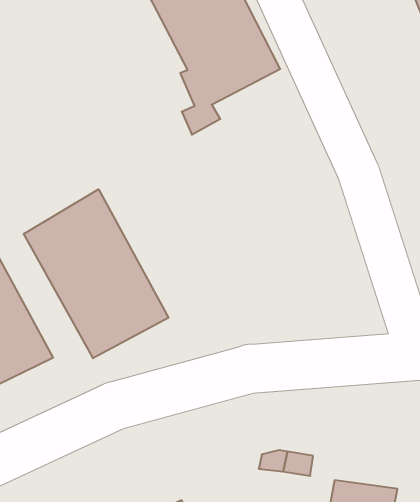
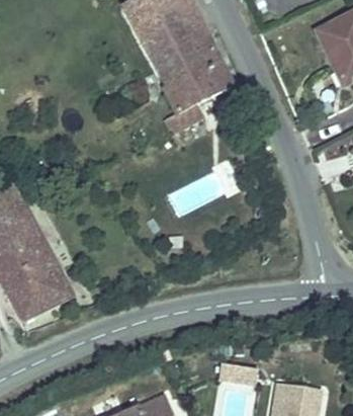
building: [24,189,168,358] -> none

